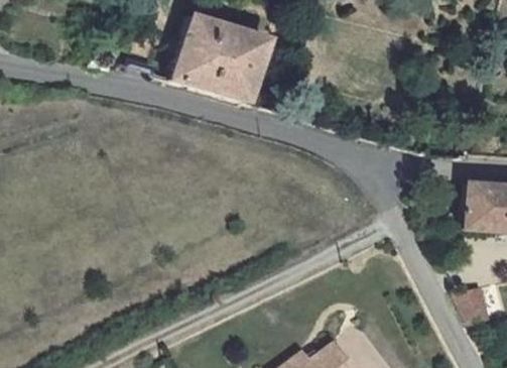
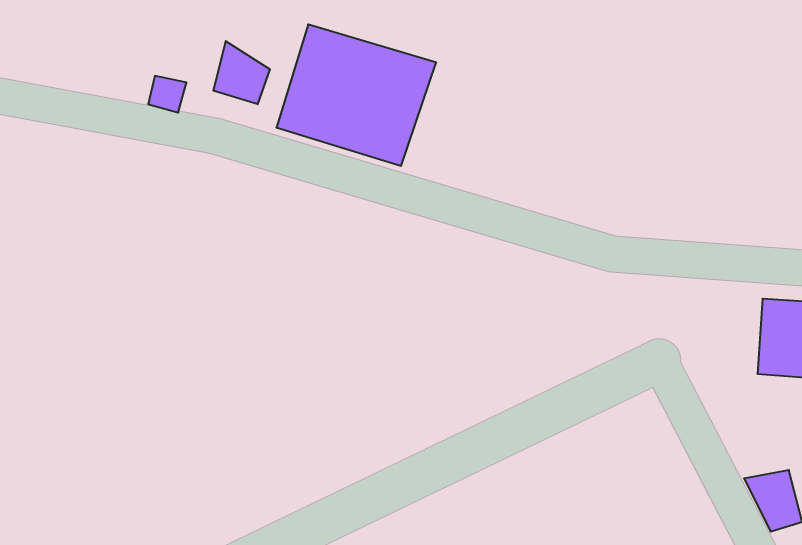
building: none -> [213,41,270,104]

